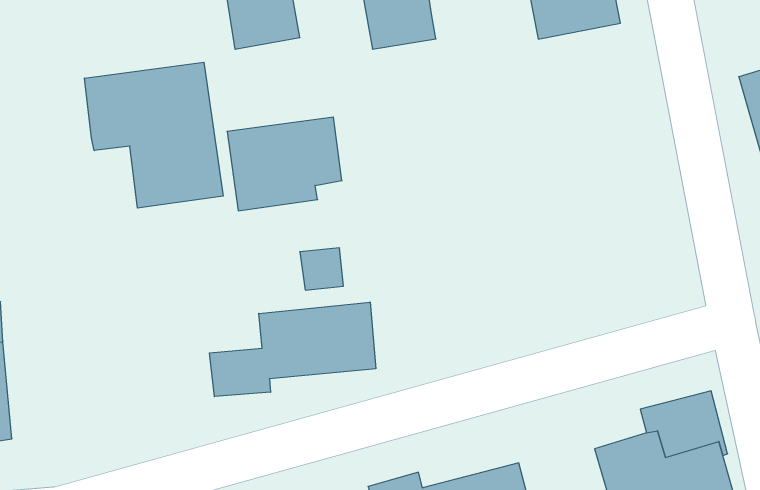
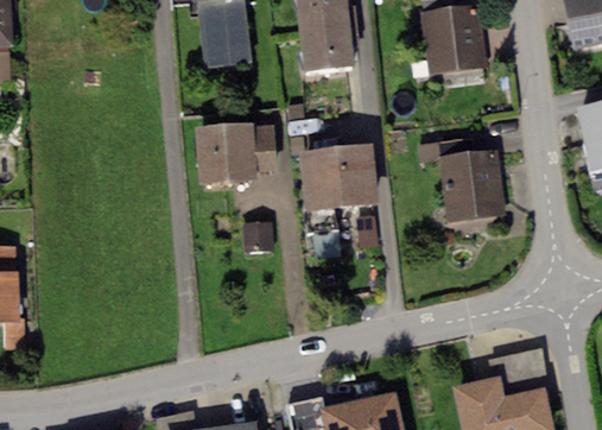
building: [85,62,223,208] -> none
building: none -> [417,140,506,223]
building: none -> [299,151,379,240]
building: [210,302,376,397] -> none

